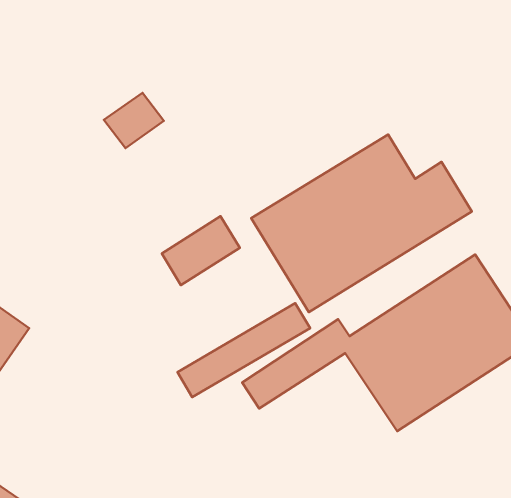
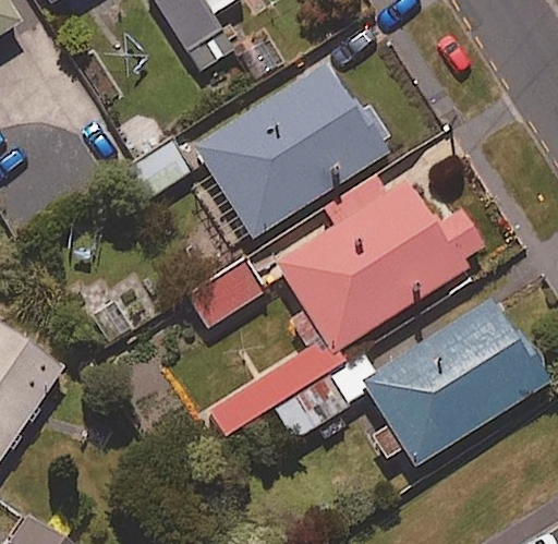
building: none -> [195,63,392,237]

